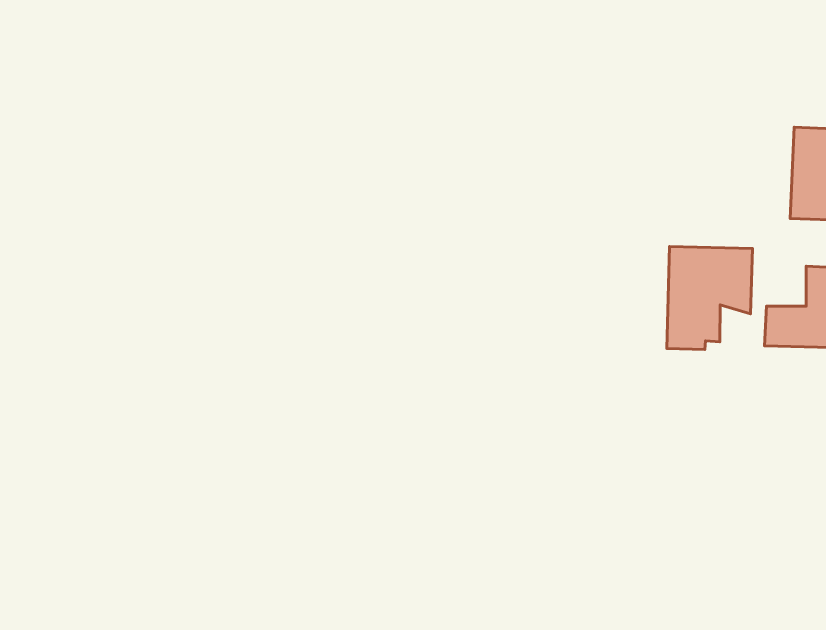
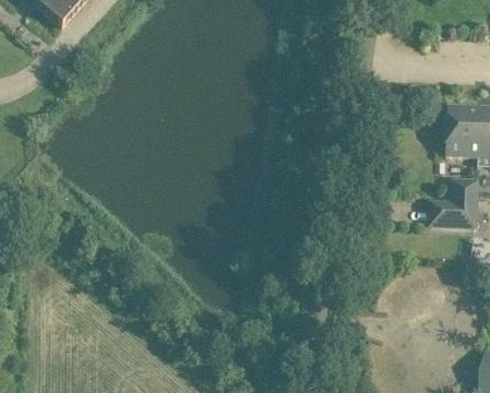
building: [667,247,753,349] -> none

